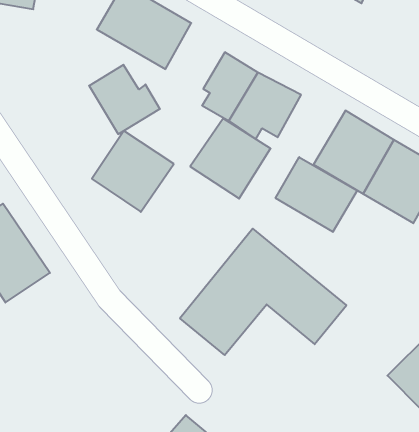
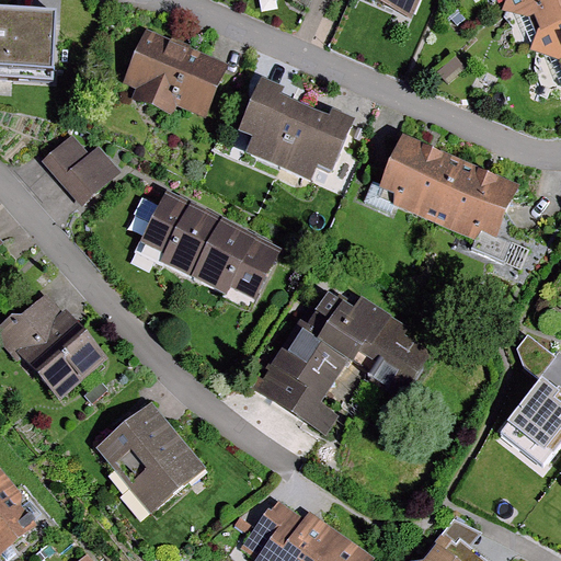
building: [89,65,160,134] -> [32,130,114,208]
building: [190,119,271,199] -> [196,220,283,307]
building: [276,157,357,232] -> none
building: none -> [96,403,204,512]

